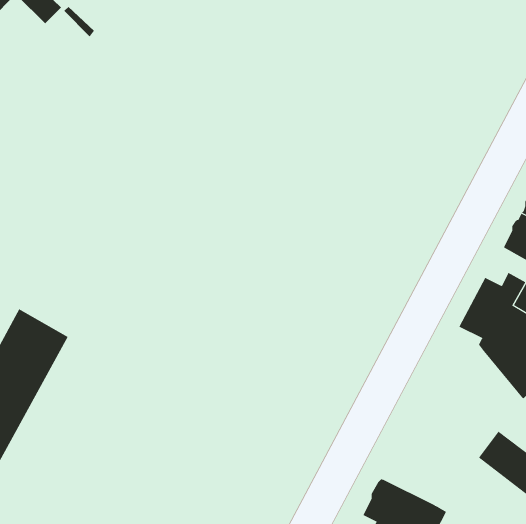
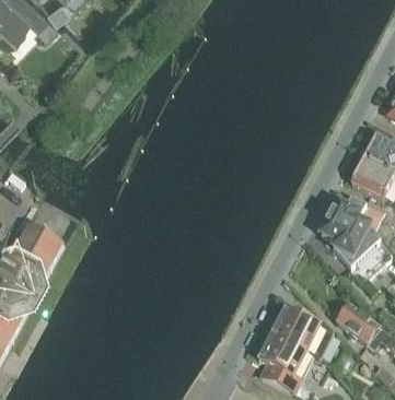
building: none -> [267,315,328,365]

